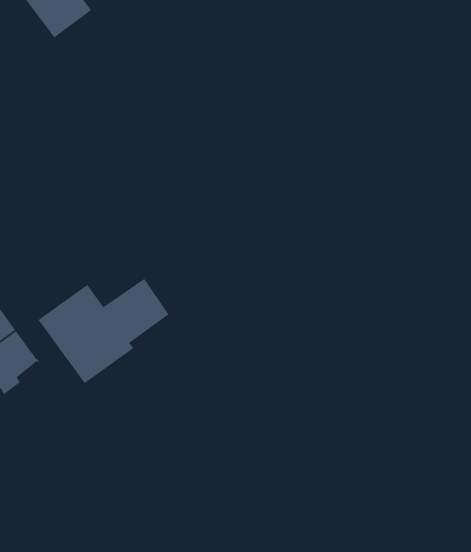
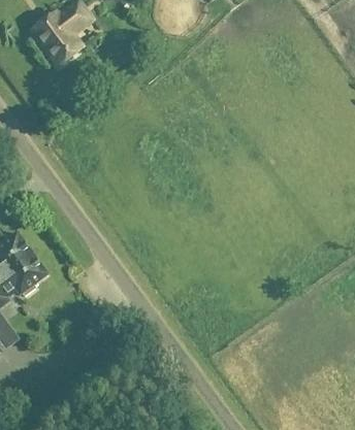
building: [37,278,170,384] -> none

